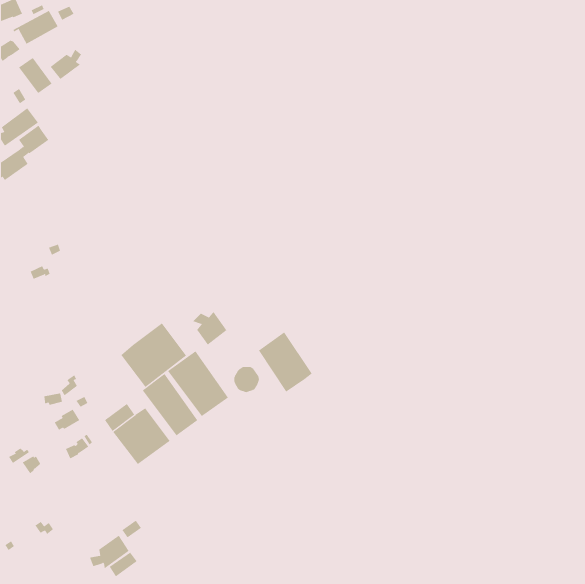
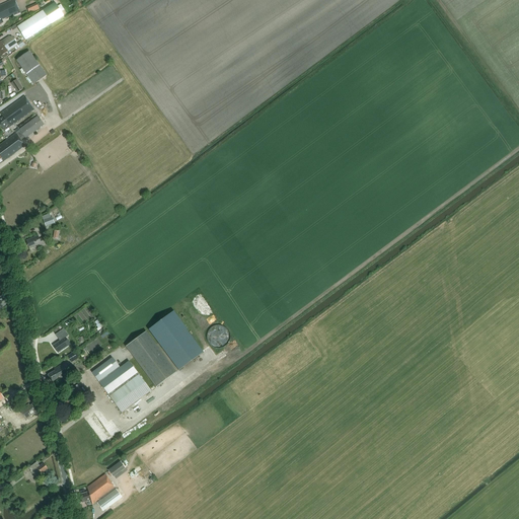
building: [50,49,82,80] -> none
building: [192,311,227,345] -> none
building: [120,323,187,388] -> none
building: [258,331,312,393] -> none

